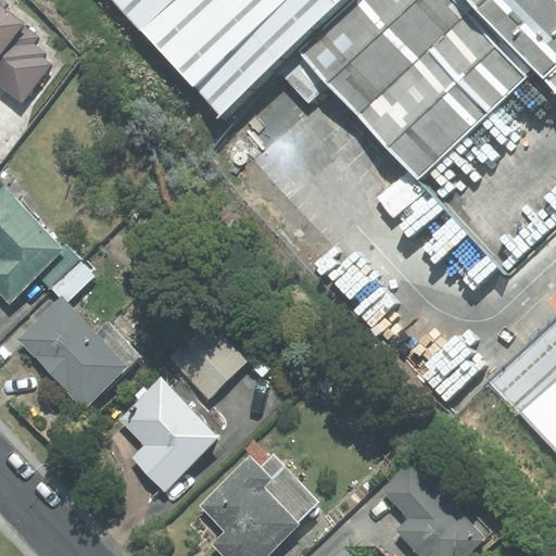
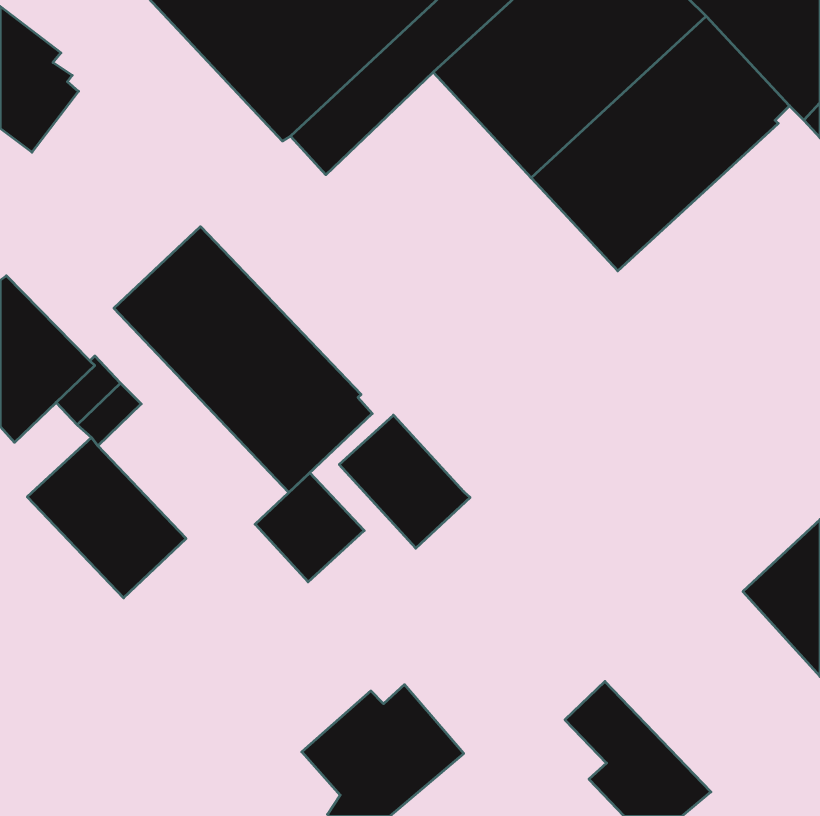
building: none -> [114,227,372,492]
building: none -> [339,415,470,548]
building: [119,377,218,488] -> none

